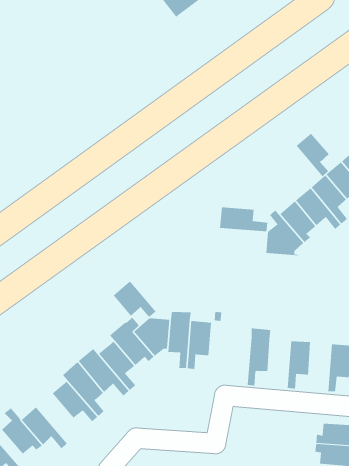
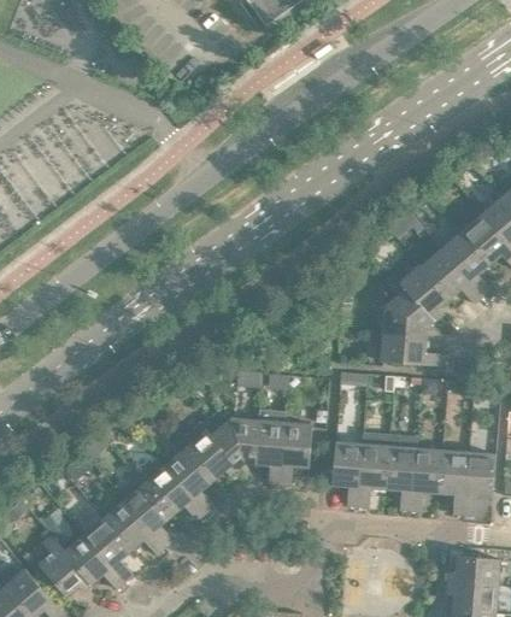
building: [296,133,330,177] -> none
building: [219,207,268,232] -> [380,334,444,366]
building: [113,280,156,318] -> none
building: none -> [386,434,416,510]
building: none -> [331,441,363,506]
building: none -> [439,449,468,515]
building: none -> [83,517,133,582]

